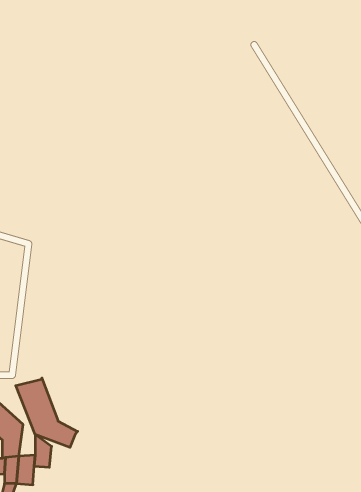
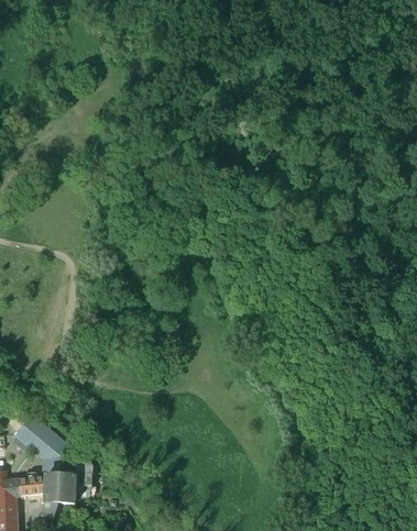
building: [16,378,78,447] -> none

